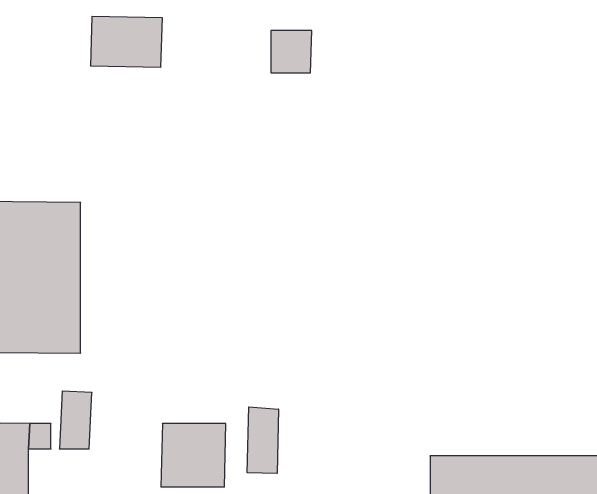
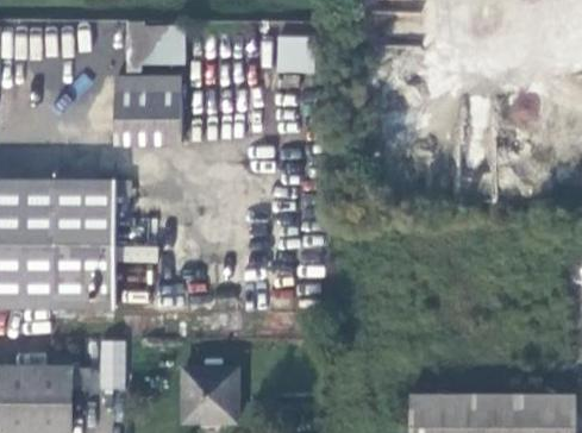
building: none -> [115,77,182,144]
building: [247,407,278,473] -> none

